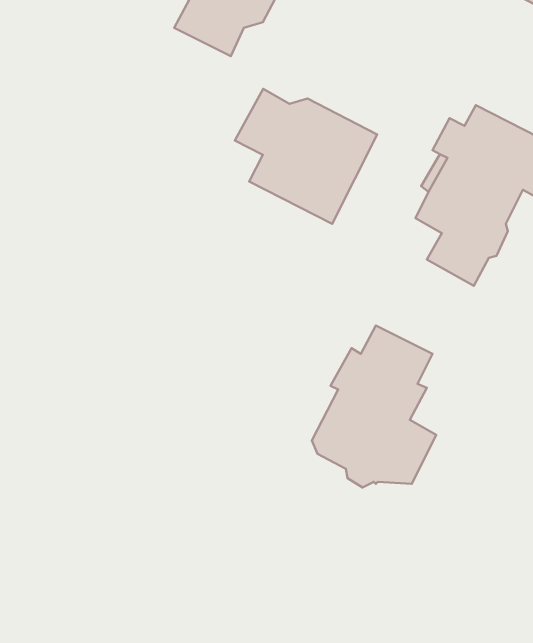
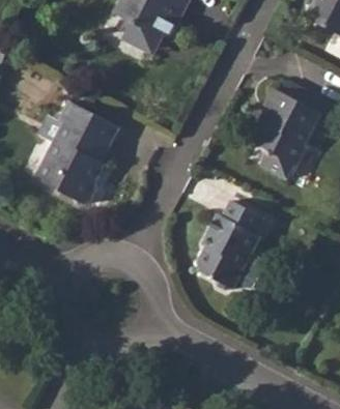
building: [235,89,377,224] -> none
building: none -> [33,100,119,204]

